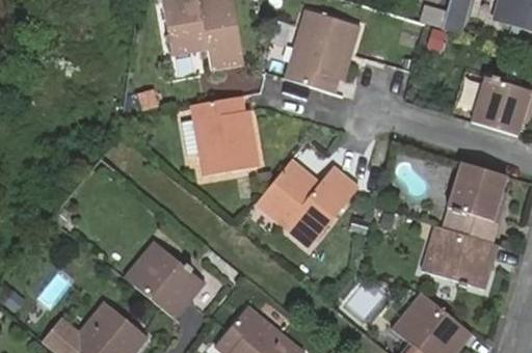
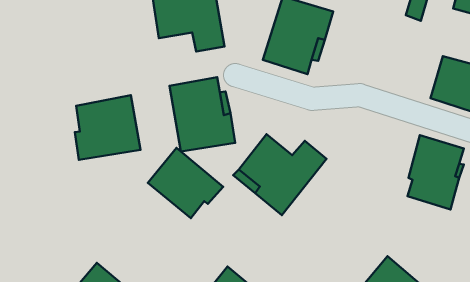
building: none -> [75,95,140,160]
building: [421,223,491,290] -> none
building: [125,239,207,316] -> [148,148,223,218]

